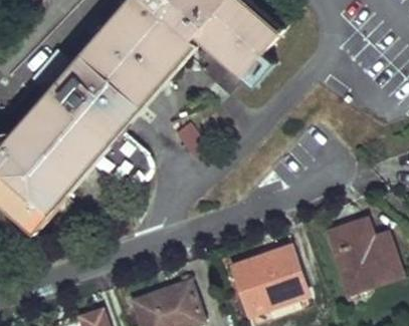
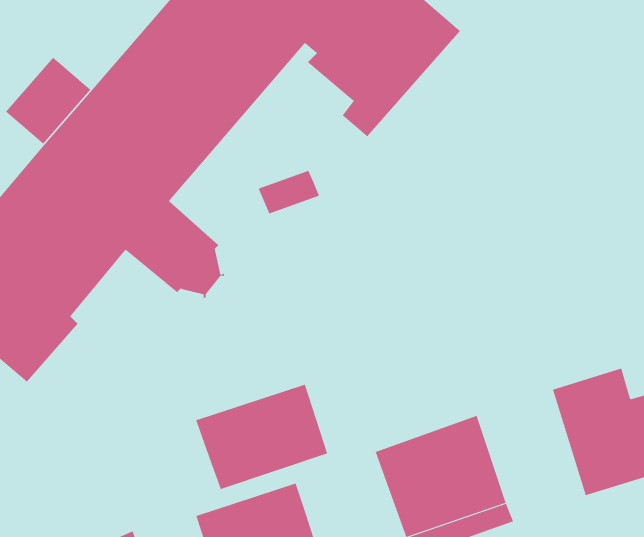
building: none -> [195,384,328,490]

